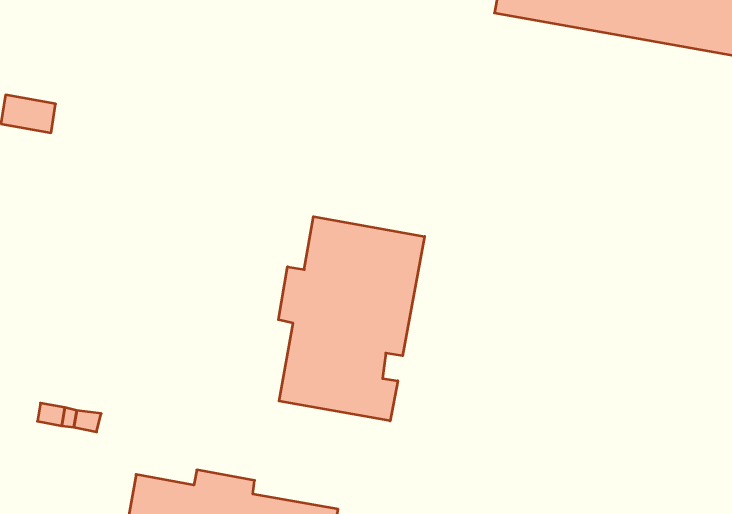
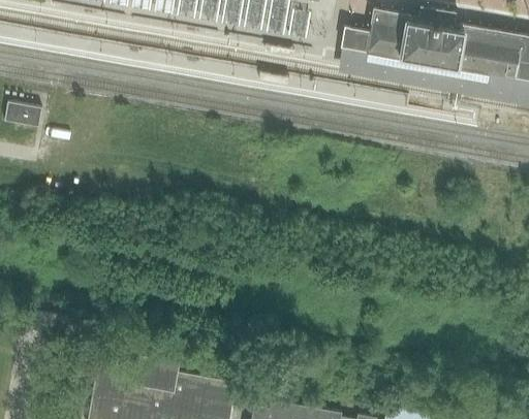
building: [278,217,425,421] -> none

